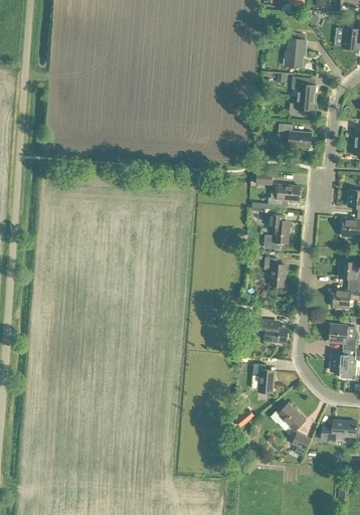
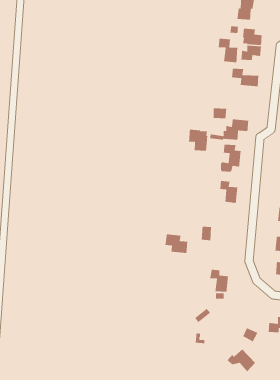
building: none -> [218,38,238,63]
building: none -> [188,129,208,152]
building: [258,319,287,343] -> [164,234,188,254]
building: [271,402,305,431] -> [227,348,256,372]

